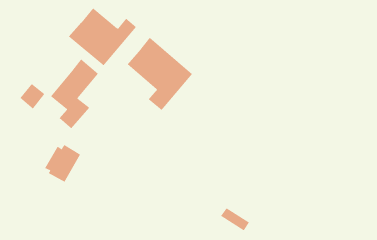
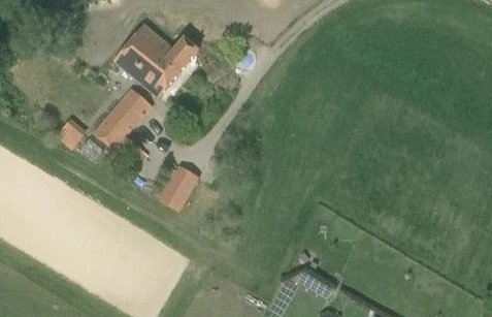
building: [127,37,193,111] -> none
building: [44,144,81,183] -> [155,163,199,210]

